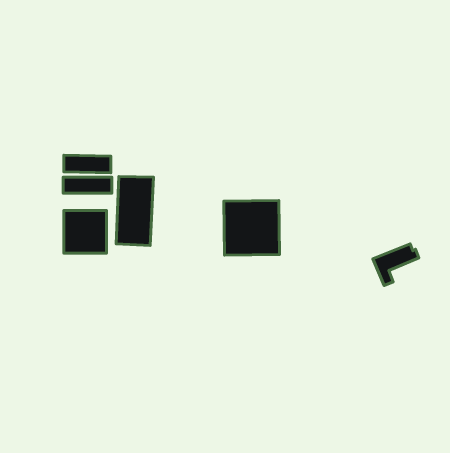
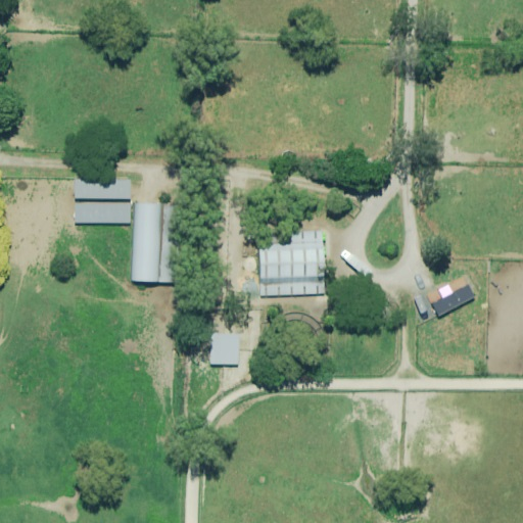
building: [64,211,107,253] -> none
building: none -> [208,333,237,365]

